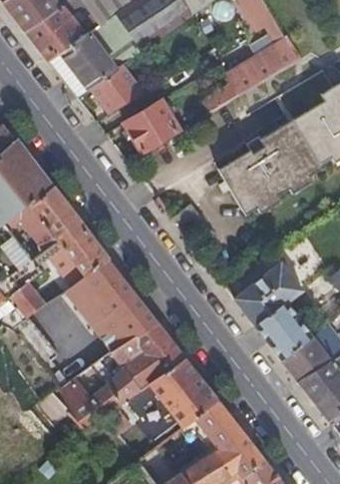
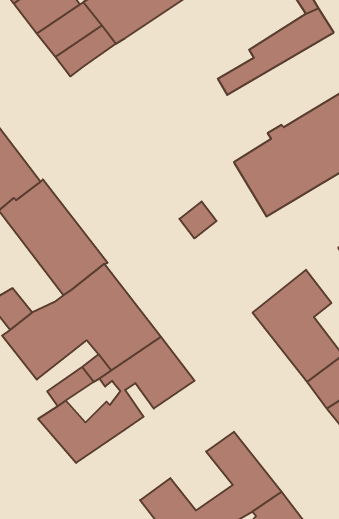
building: [89,61,143,109] -> none
building: [125,98,182,150] -> none
building: [124,358,219,440] -> none

